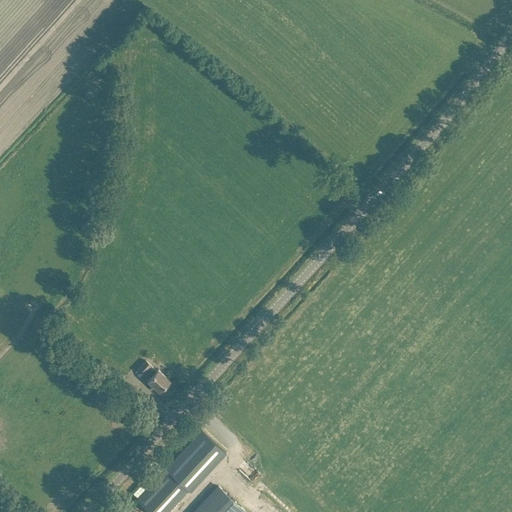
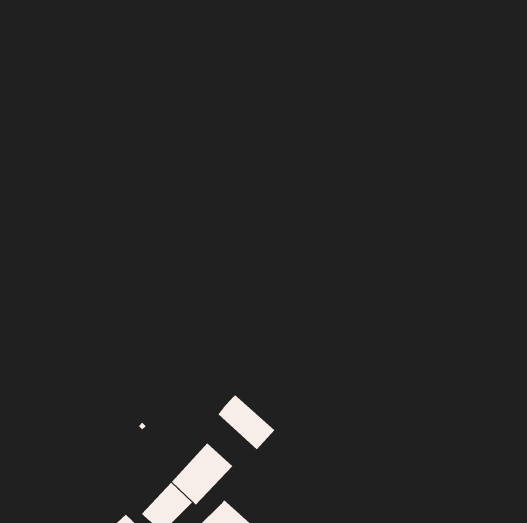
building: [137,363,170,394] -> none
building: none -> [217,394,275,450]

